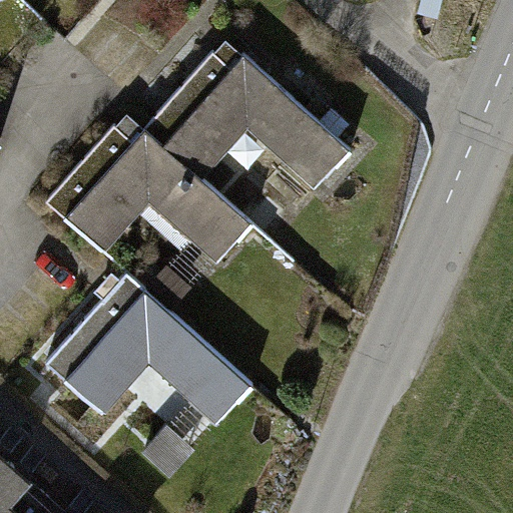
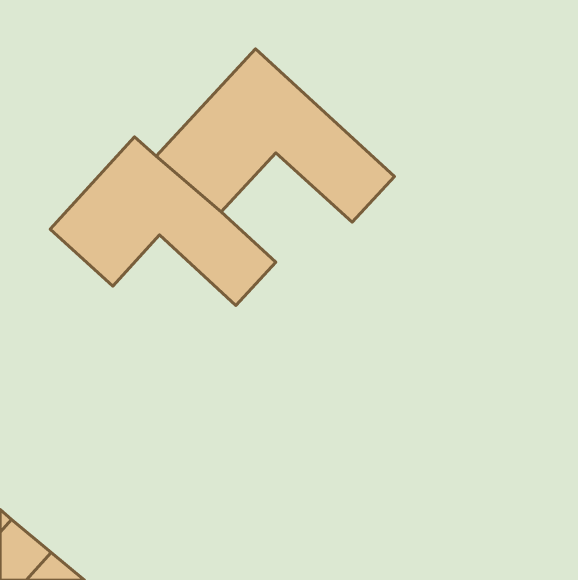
building: [52,279,250,423] -> none

